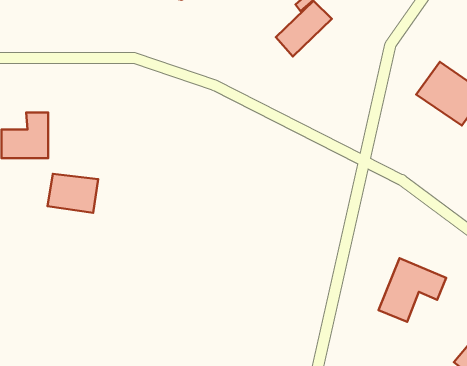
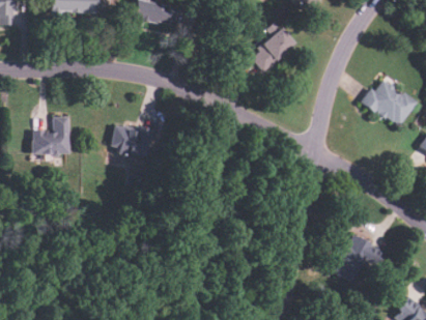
building: [48,174,98,213] -> [111,123,151,154]

